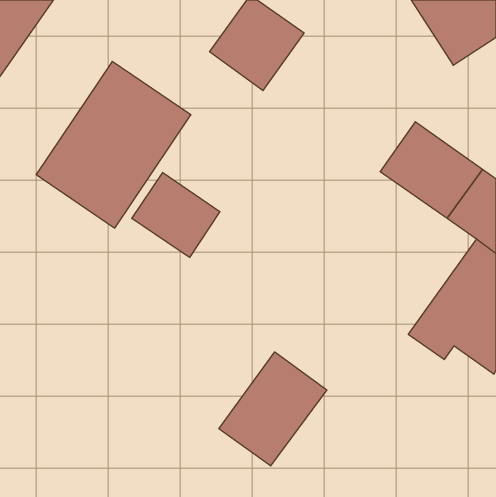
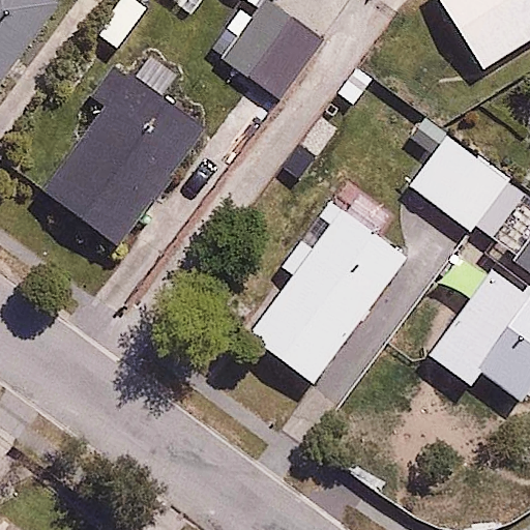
building: [132,172,220,257] -> none
building: none -> [252,209,406,379]
building: [219,352,327,466] -> none

